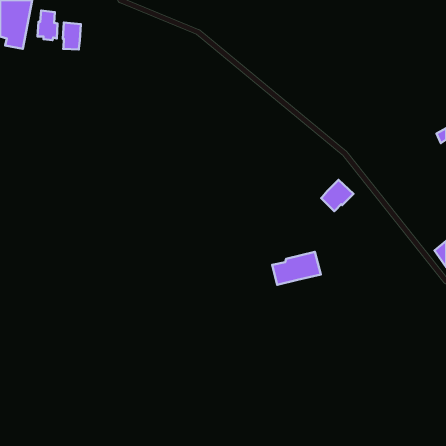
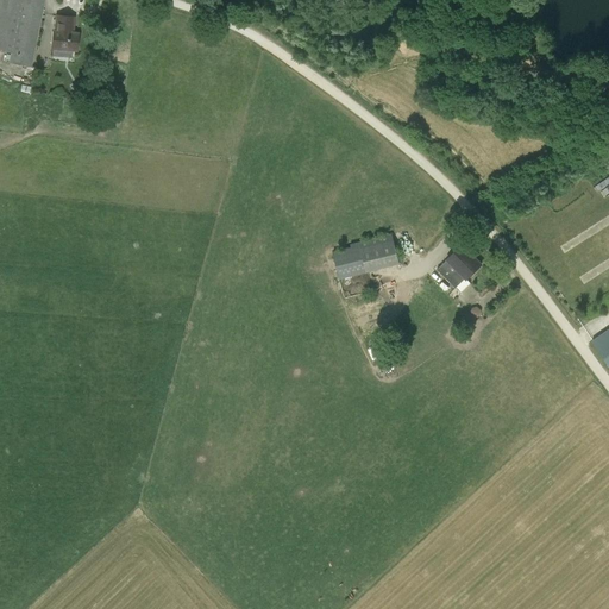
building: [63,23,81,50] -> none
building: [272,252,321,285] -> [333,233,400,278]

